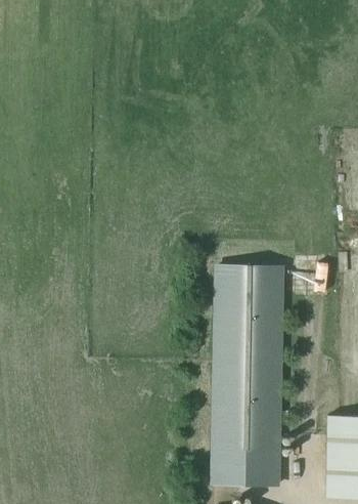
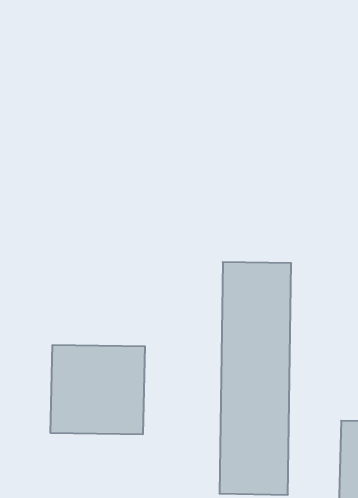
building: none -> [51,345,145,434]

